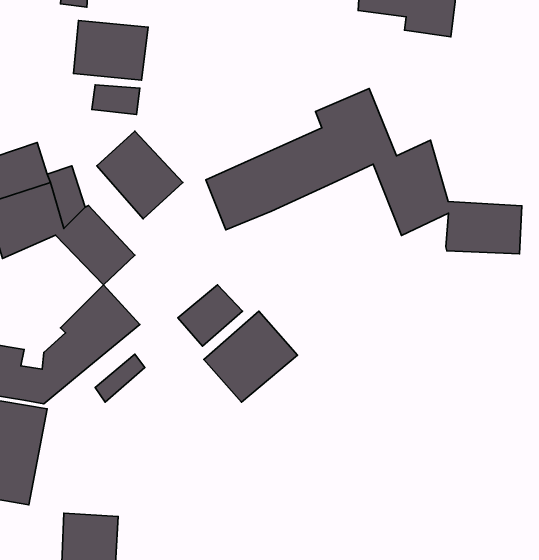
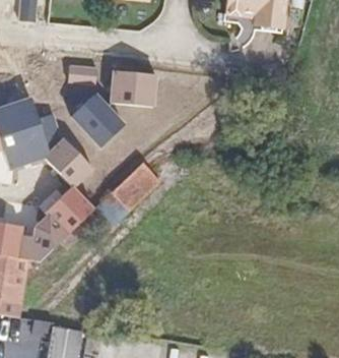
building: [74,20,148,80] -> [105,66,150,103]
building: [206,88,522,254] -> none
building: [204,311,297,402] -> none

